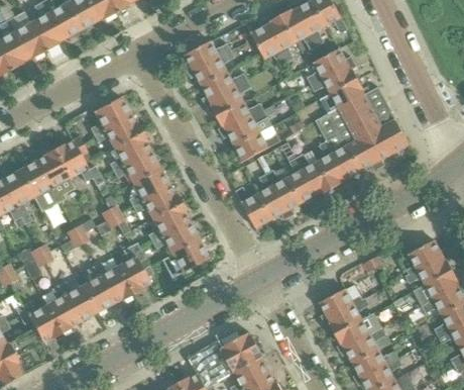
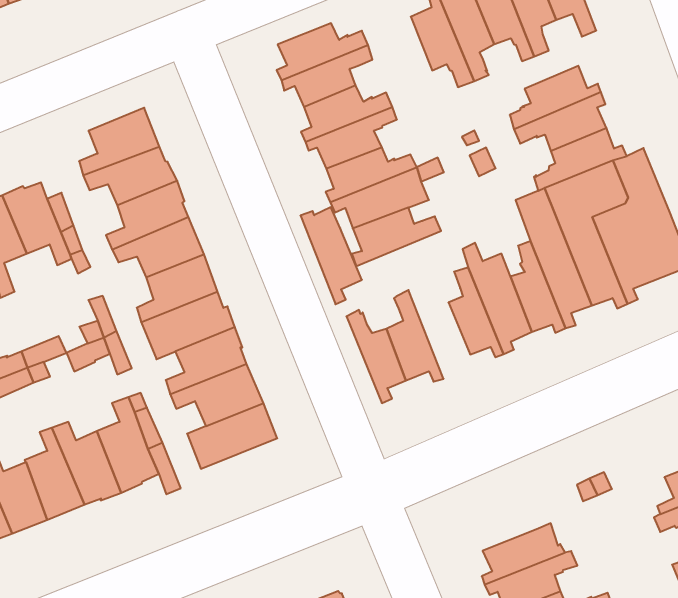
building: [266,168,302,217] -> [300,207,362,304]

